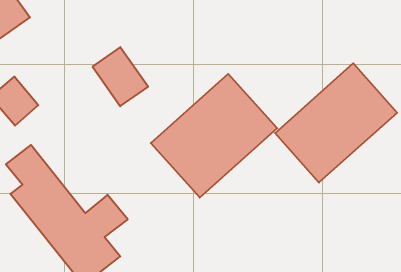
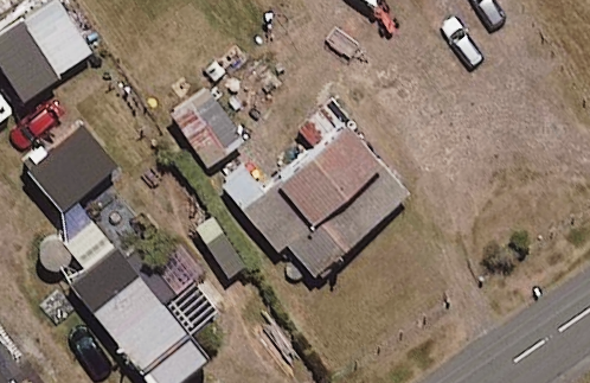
building: [275,63,397,183] -> none

